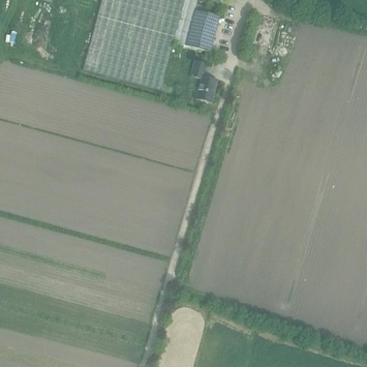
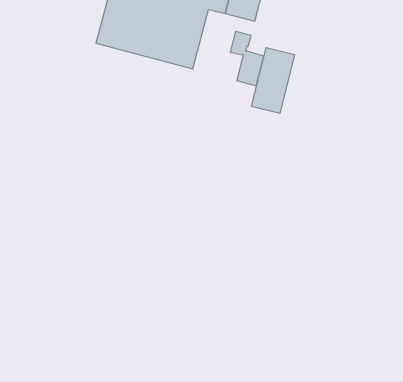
building: none -> [251,48,294,113]

